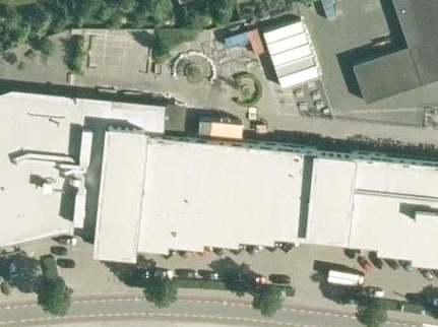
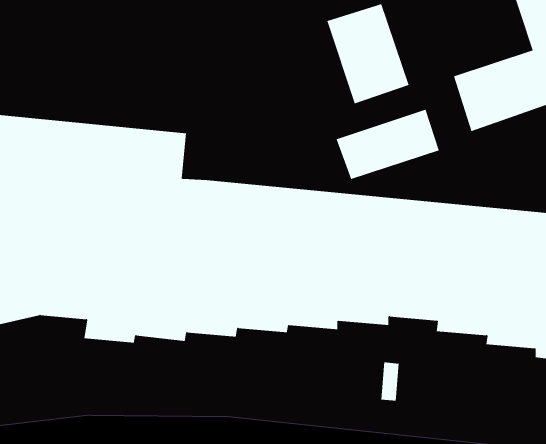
building: none -> [336,109,439,180]

